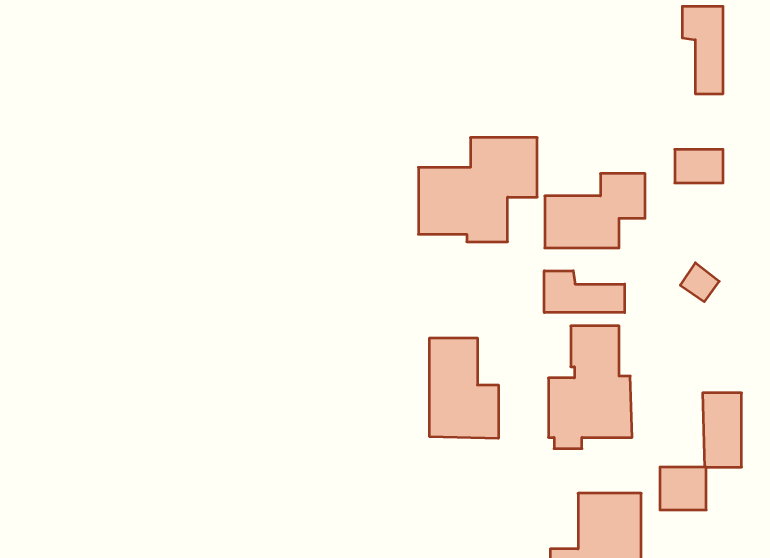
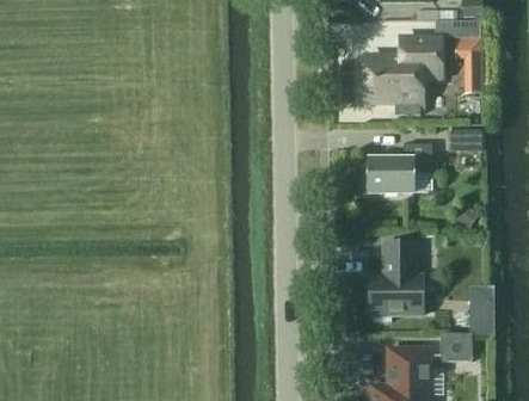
building: [418,138,537,242] -> [364,38,441,105]
building: [544,271,625,313] -> none
building: [430,338,498,438] -> none

